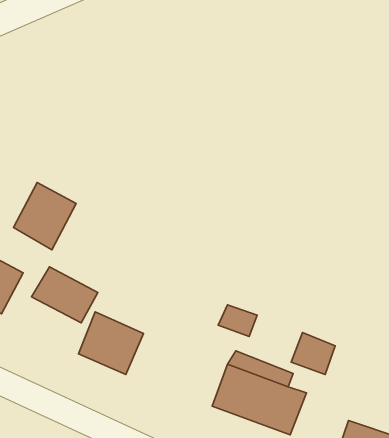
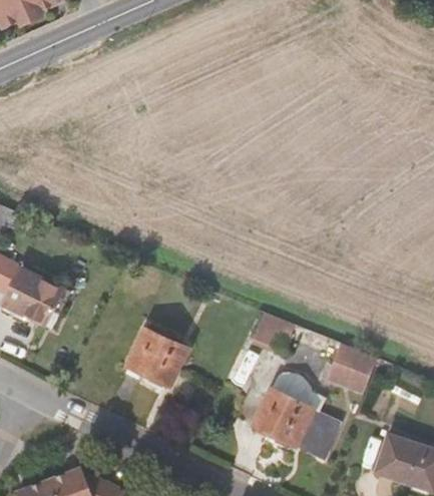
building: [13,183,76,250] -> none
building: [31,267,98,323] -> none

